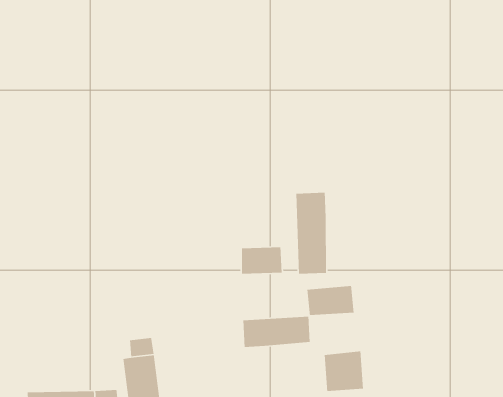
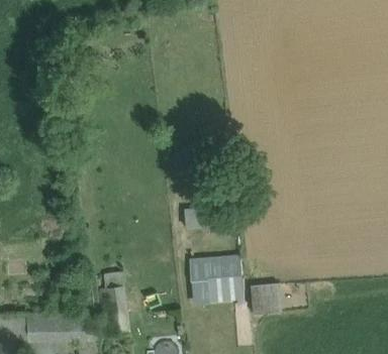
building: [295,192,327,275] -> none
building: [307,285,355,316] -> [205,277,241,301]

